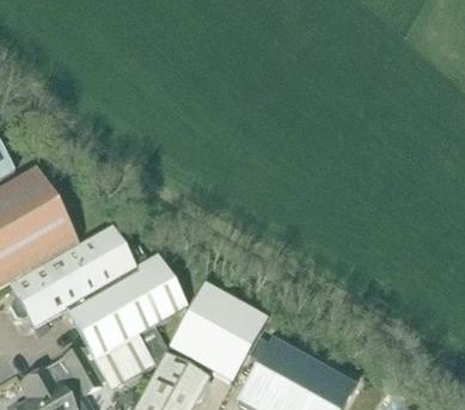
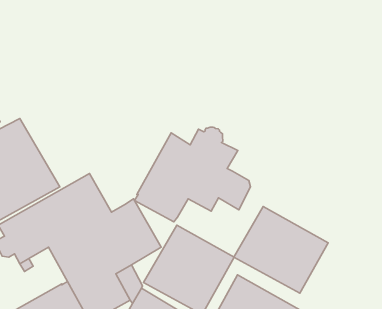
building: none -> [135,127,251,222]
building: none -> [234,206,328,293]

